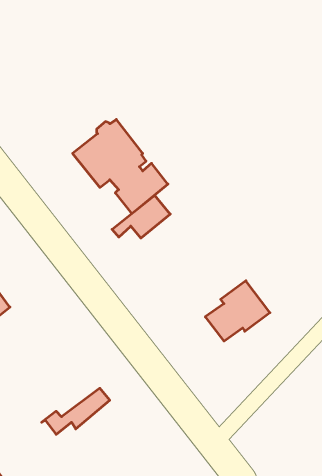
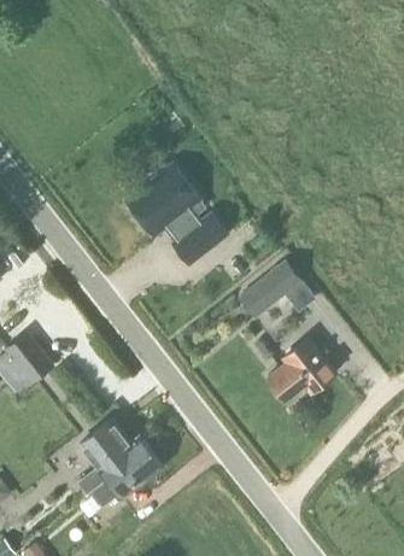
building: [112,195,170,238] -> [239,259,303,306]
building: none -> [78,420,152,493]

